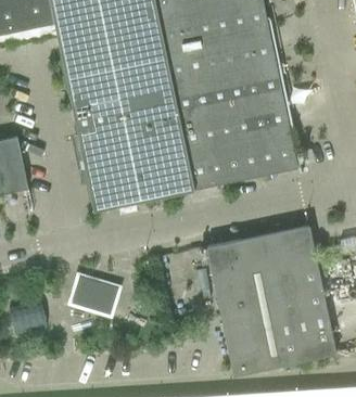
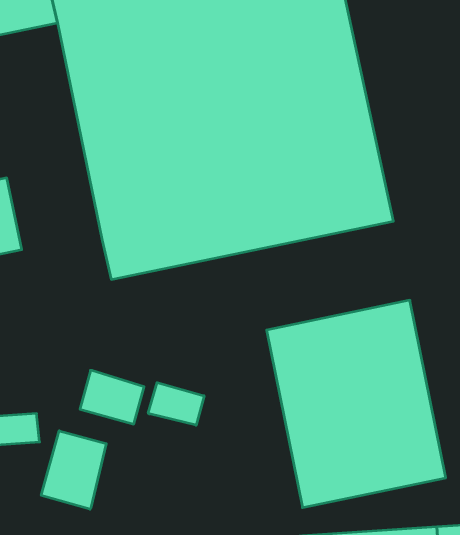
building: none -> [148,383,204,425]
building: none -> [41,431,106,509]

